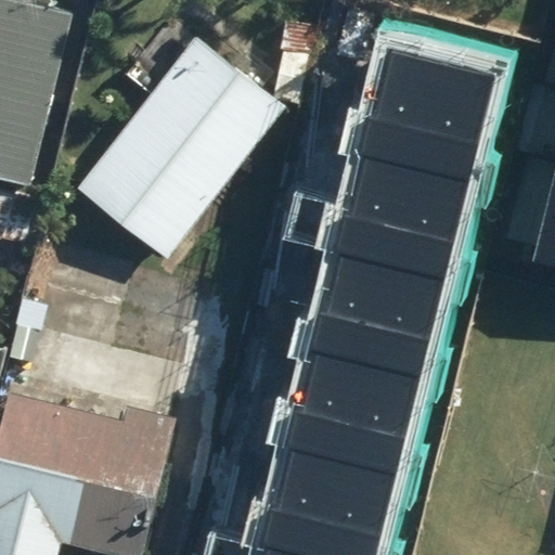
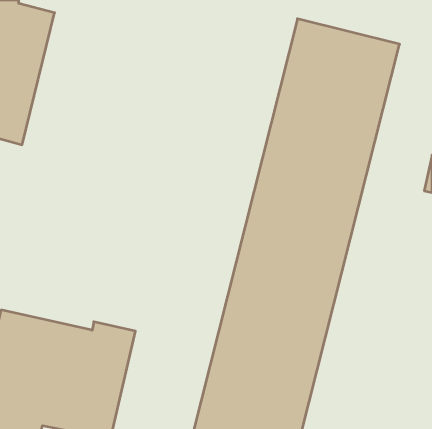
building: [73,31,288,260] -> none

